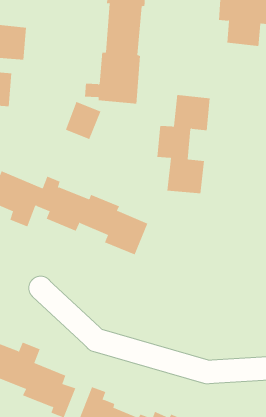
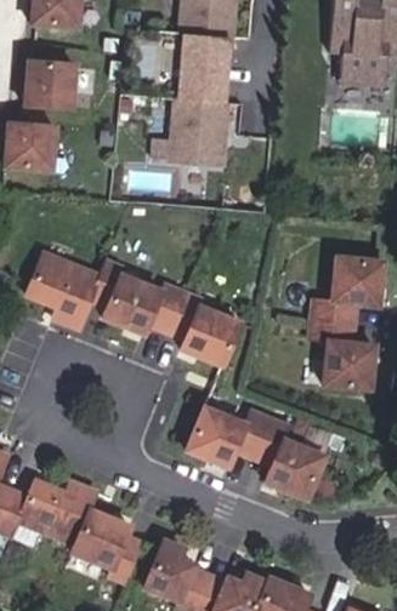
building: [157,94,210,194] -> [308,257,380,389]
building: [65,101,101,140] -> none
building: none -> [185,407,322,498]

